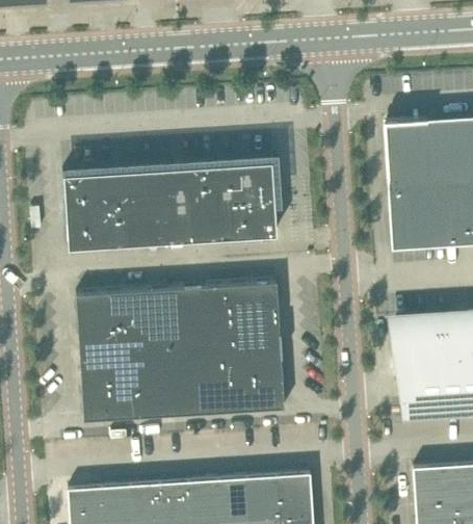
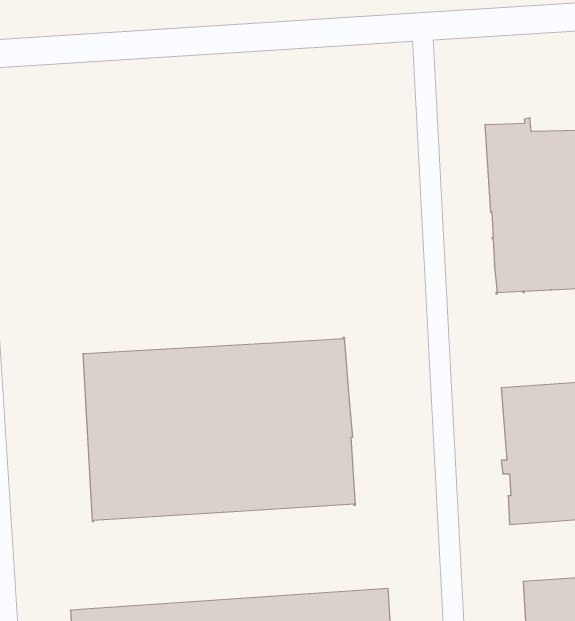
building: [62,159,278,247] -> none

